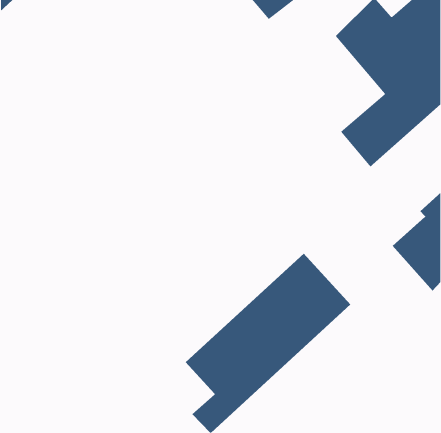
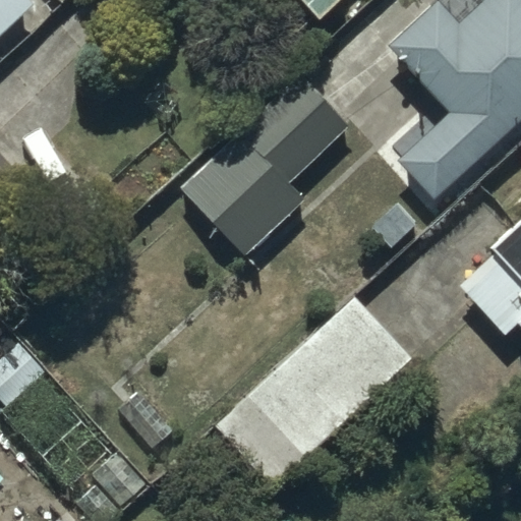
building: none -> [180,70,351,253]

